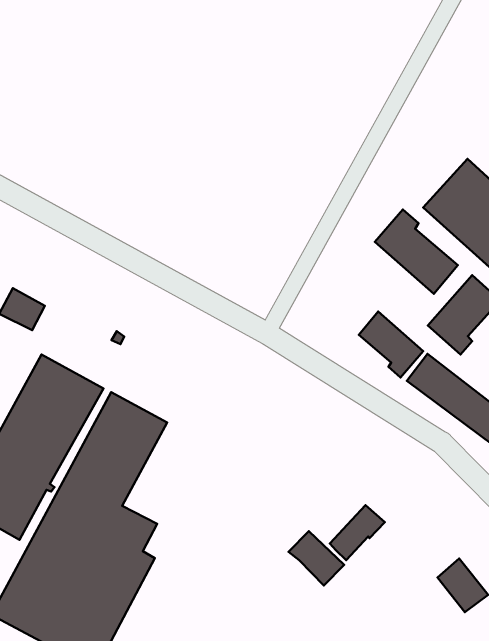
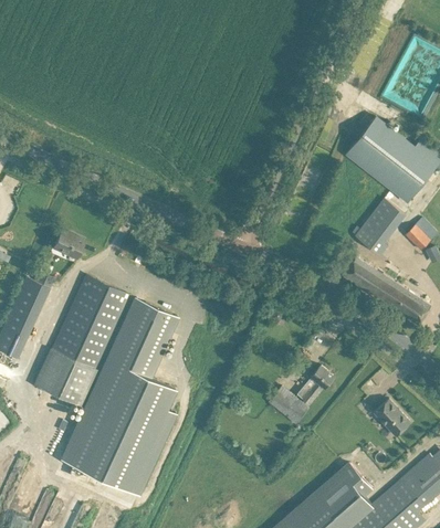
building: [375,210,458,294] -> none
building: [359,312,423,377] -> none

